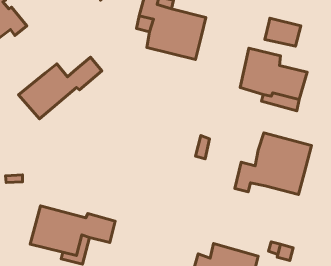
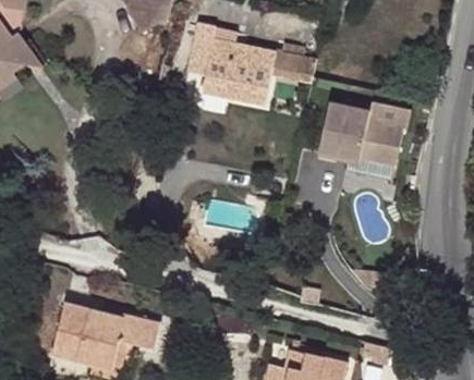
building: [265,18,301,46] -> [270,52,316,88]
building: [19,57,102,119] -> none
building: [235,133,312,195] -> none

